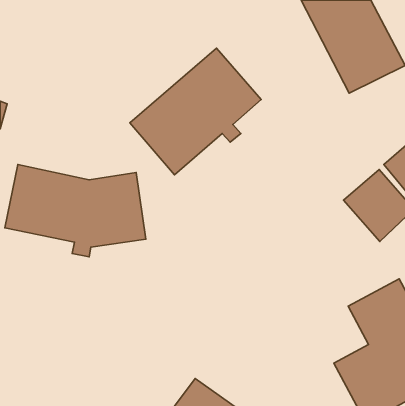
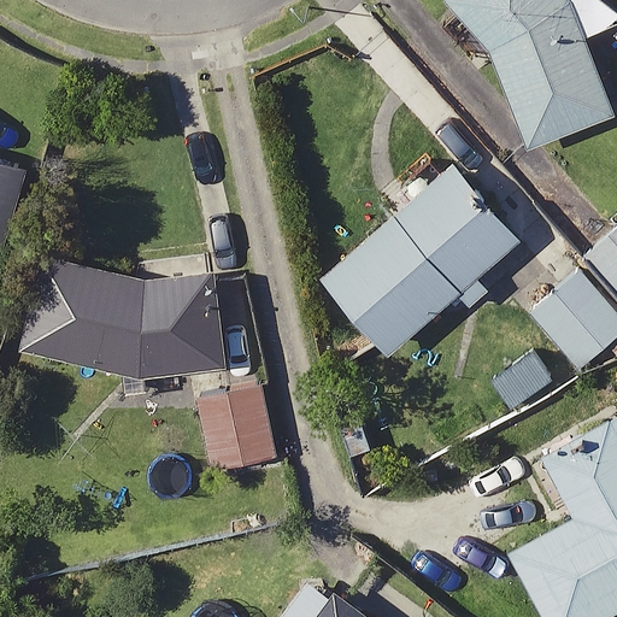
building: [130,48,261,175] -> [323,166,518,354]
building: none -> [200,388,277,470]

